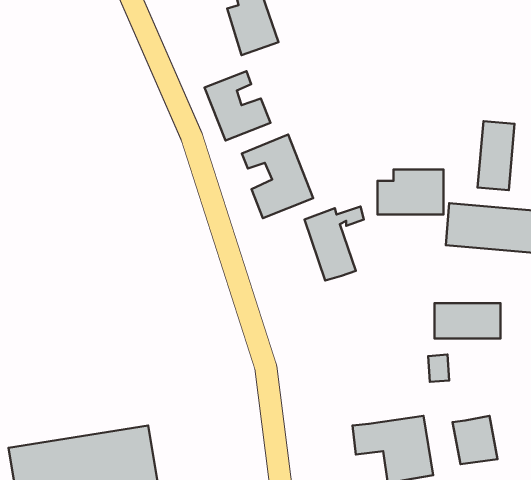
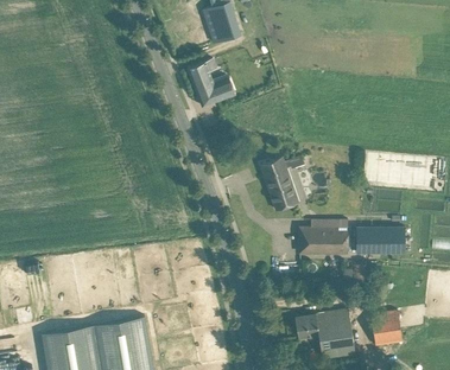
building: [478,121,515,190] -> none
building: [242,135,313,218] -> none
building: [377,170,443,215] -> [299,219,348,253]

